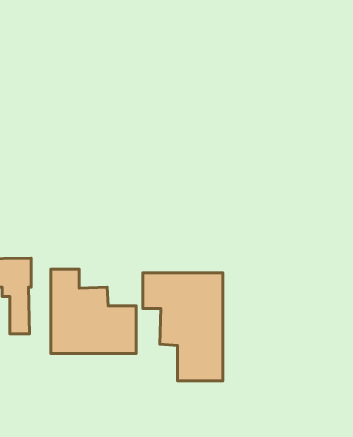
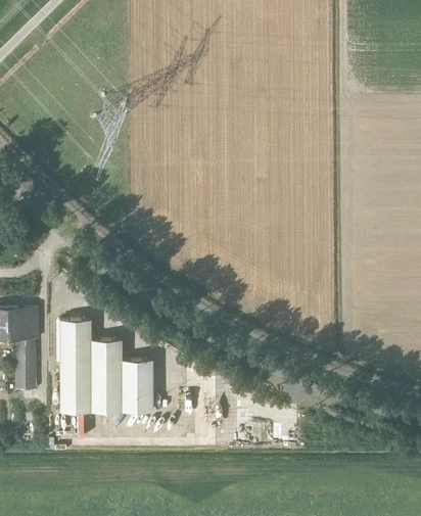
building: [143,273,223,381] -> none

